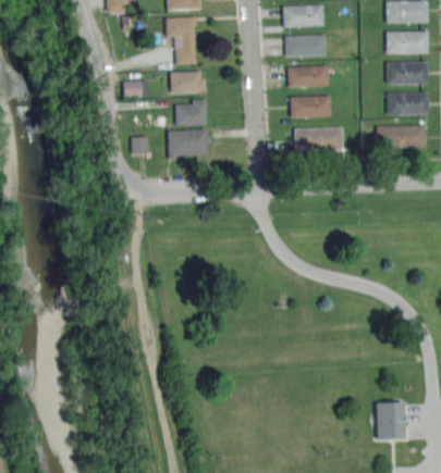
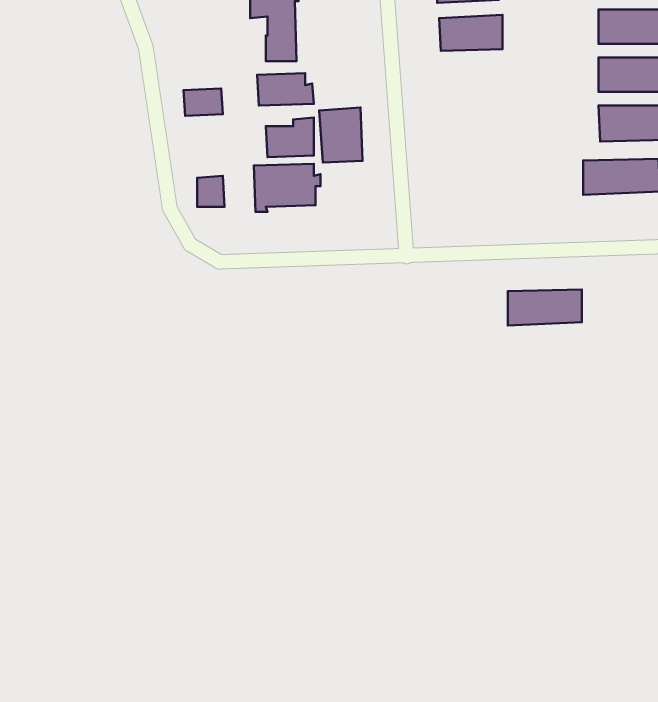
building: [289,65,329,87] -> none
building: none -> [319,107,362,162]
building: [291,96,331,117] -> none
building: [295,127,342,150] -> [508,290,582,326]
building: [377,400,408,438] -> none

